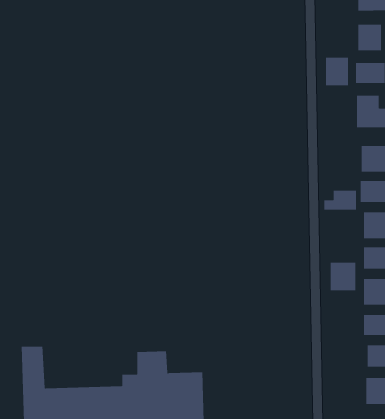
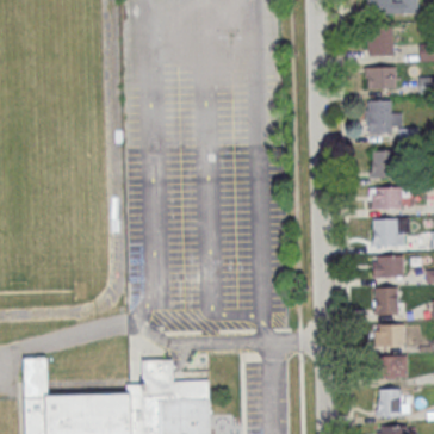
building: [325,57,349,86] -> none
building: [324,190,356,210] -> none
building: [330,262,356,291] -> none

